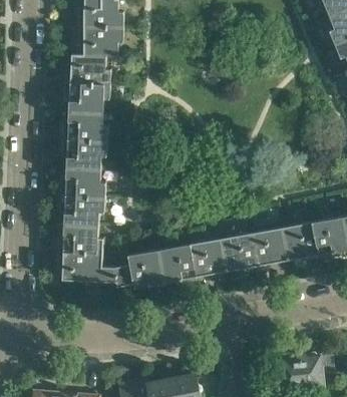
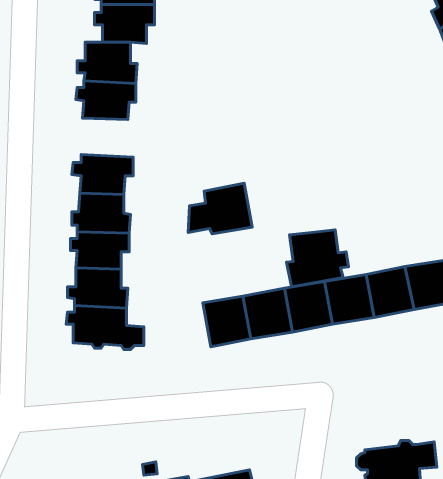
building: [63,111,108,140] -> none
building: none -> [287,230,348,287]
building: [117,250,165,288] -> [188,183,252,234]

